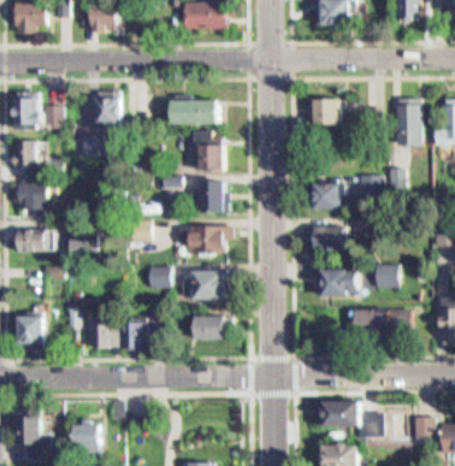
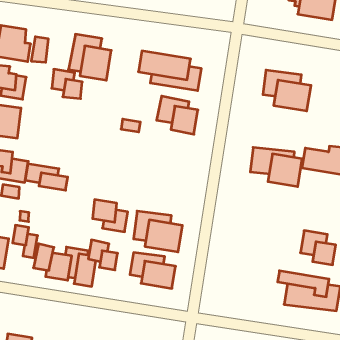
building: [199,179,224,211] -> none
building: [172,223,224,250] -> none
building: [300,224,341,247] -> none
building: [318,267,358,294] -> none

